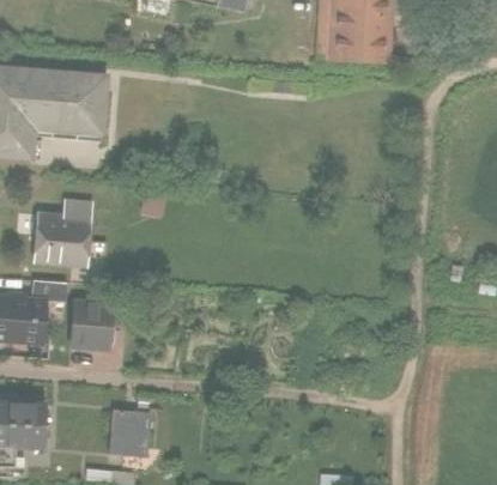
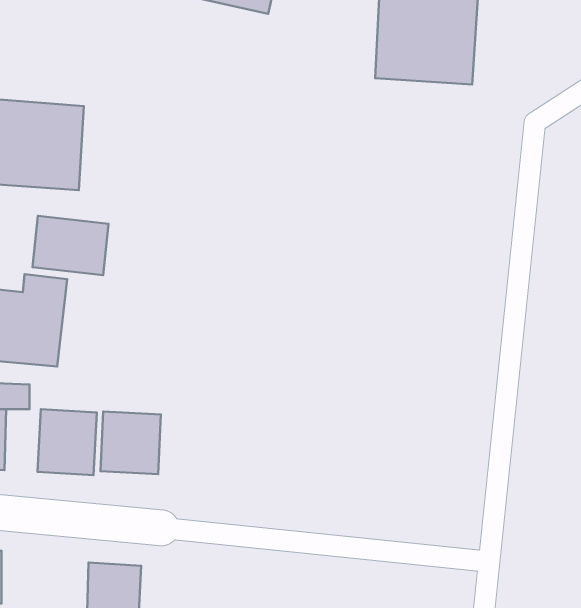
building: none -> [32,216,108,275]
building: none -> [101,412,161,474]

